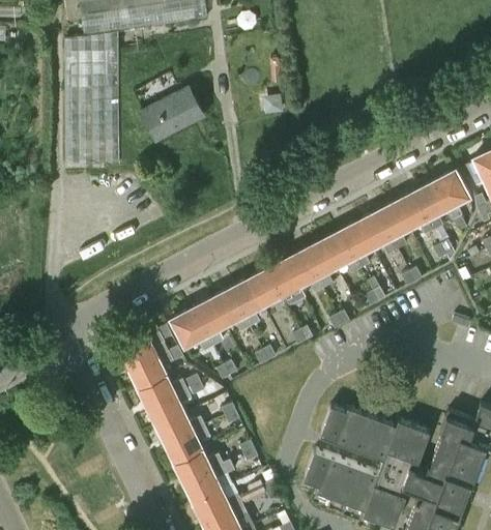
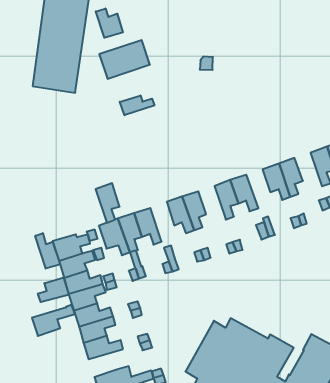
building: none -> [96,8,123,38]
building: none -> [120,95,154,115]
building: [395,193,433,235] -> none
building: [340,222,372,269] -> none
building: [285,251,323,293] -> none
building: [230,278,262,327] -> [96,183,120,223]
building: none -> [35,233,60,269]
building: none -> [38,277,69,302]
building: [183,460,234,503] -> [32,305,74,336]

